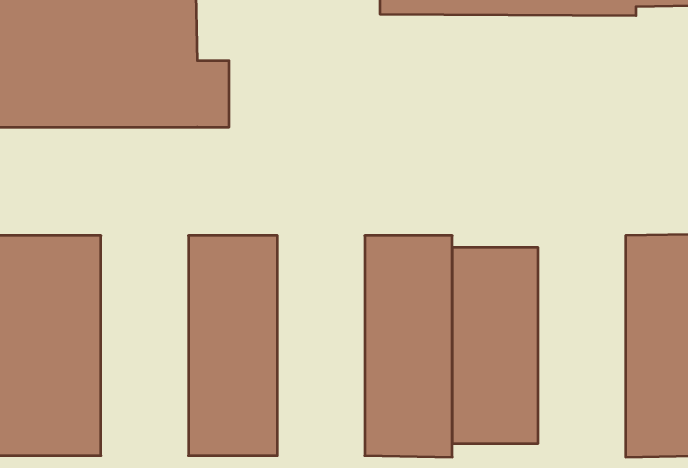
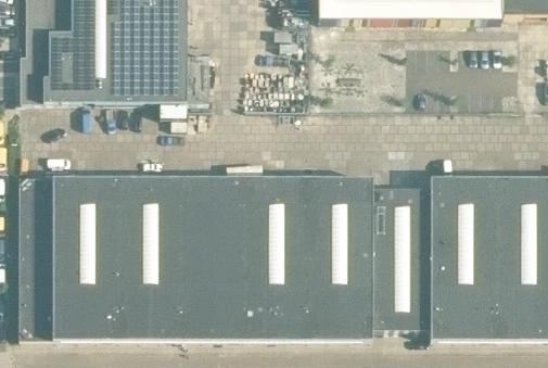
building: none -> [118,178,181,337]
building: none -> [245,178,308,337]
building: none -> [433,178,496,338]

